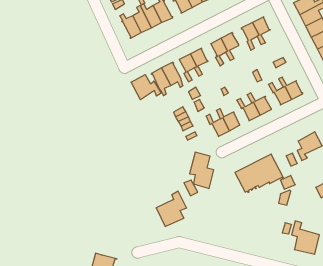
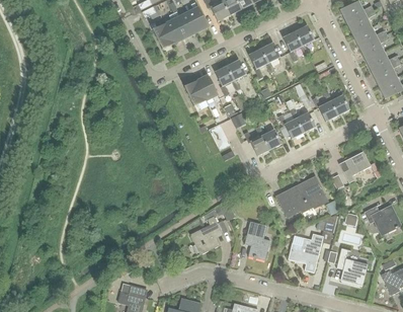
building: [131,75,161,100] -> none
building: [190,152,214,189] -> [244,220,270,259]
building: none -> [289,232,323,271]

